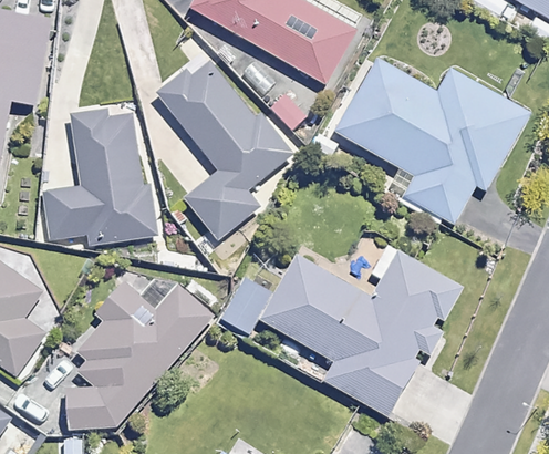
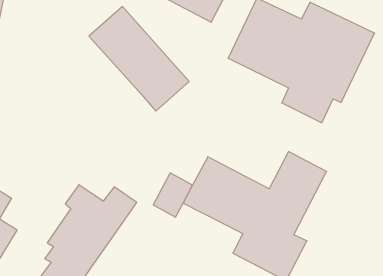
building: [50,110,148,244] -> none
building: [183,171,252,241] -> none

